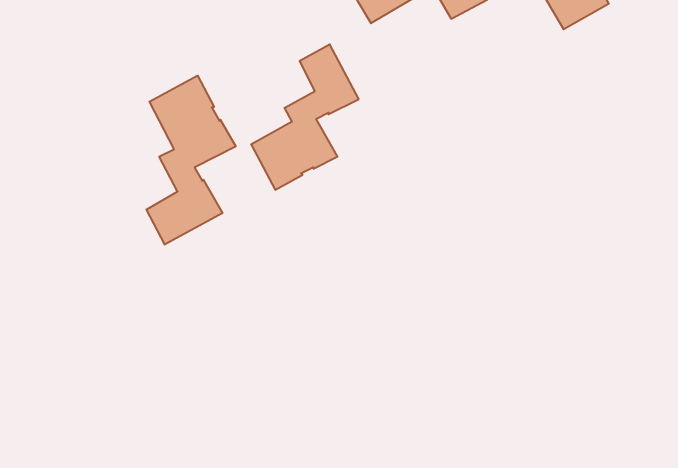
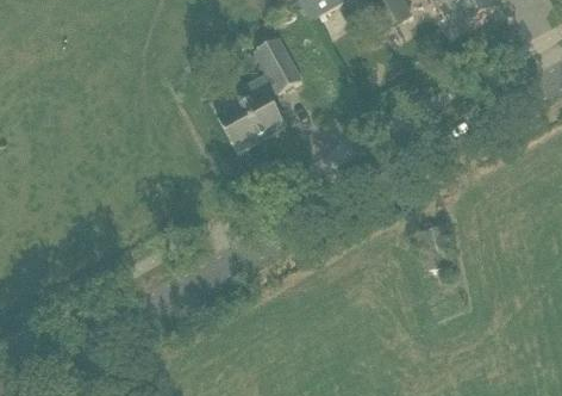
building: [146,76,236,245] -> none

